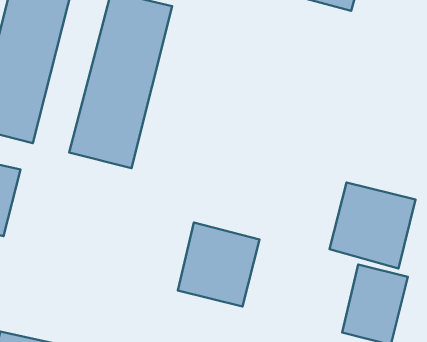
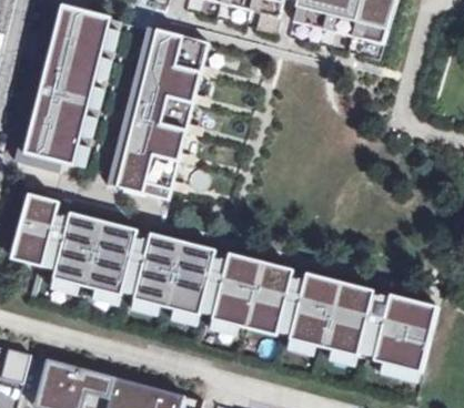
building: none -> [53,211,138,295]
building: [329,182,416,269] -> [290,272,374,356]
building: none -> [134,232,215,314]

